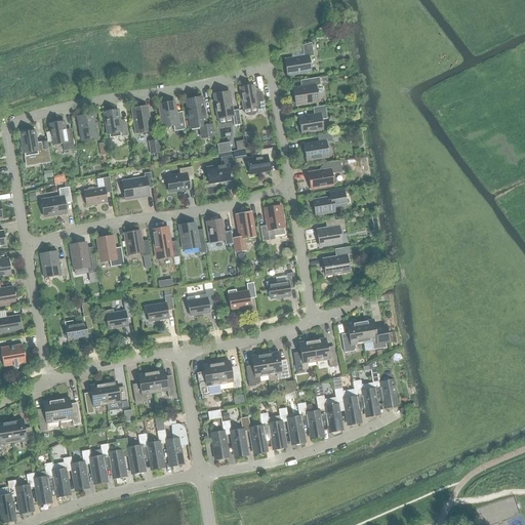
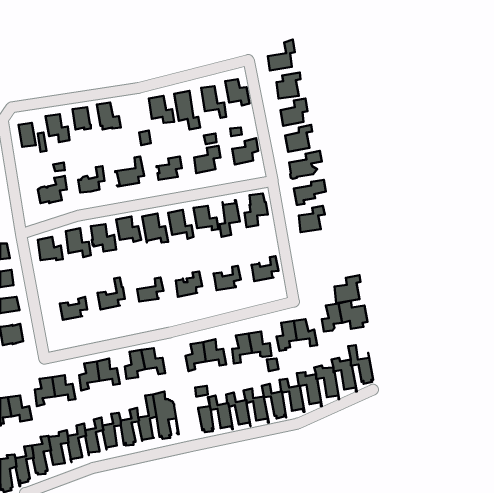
building: [130,106,151,135] -> none
building: [322,246,350,276] -> [334,275,360,303]

